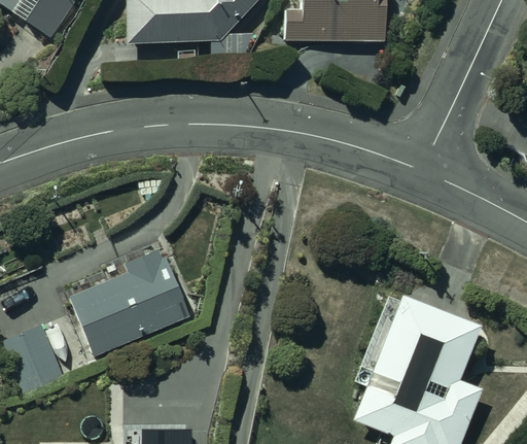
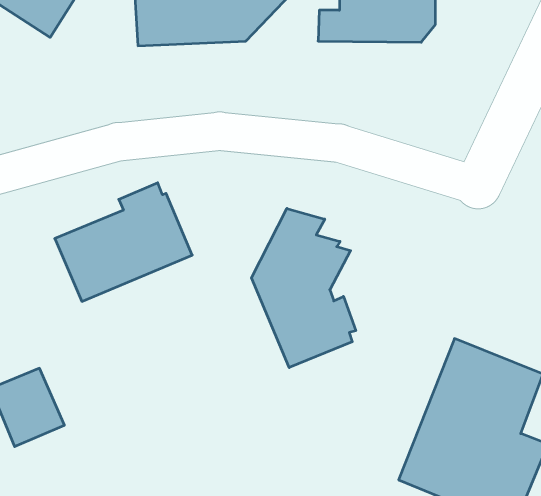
building: none -> [251,208,356,368]
building: [69,251,188,354] -> [55,183,192,301]

